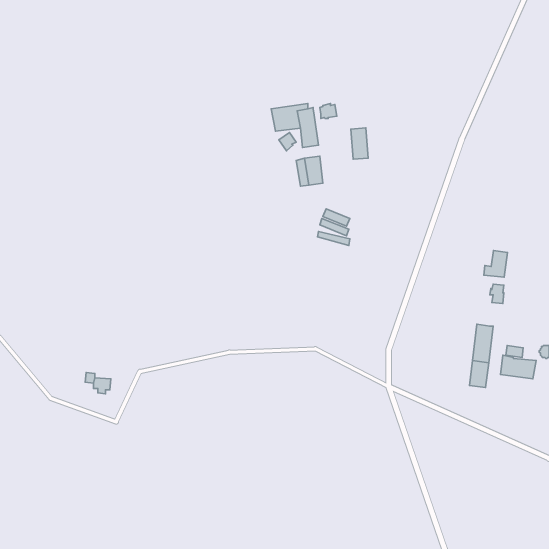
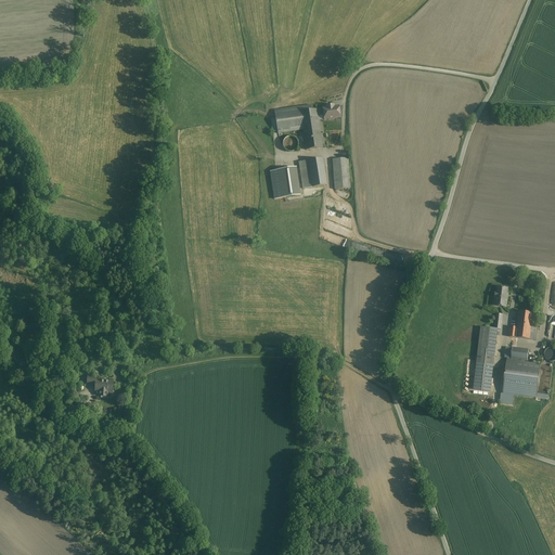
building: [351,128,368,159] -> [332,157,349,189]
building: none -> [269,166,299,197]
building: [484,250,507,277] -> [508,311,532,338]
building: none -> [502,377,537,397]

